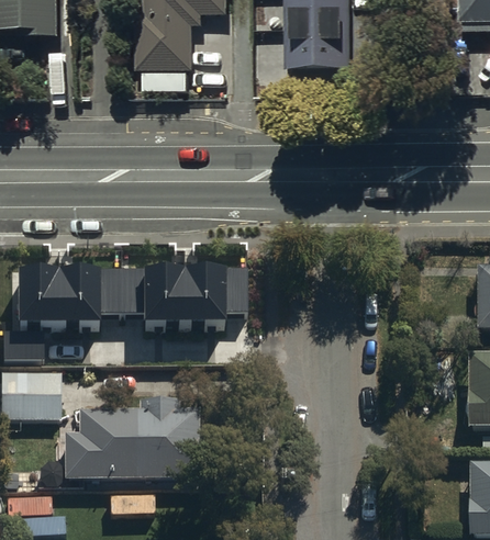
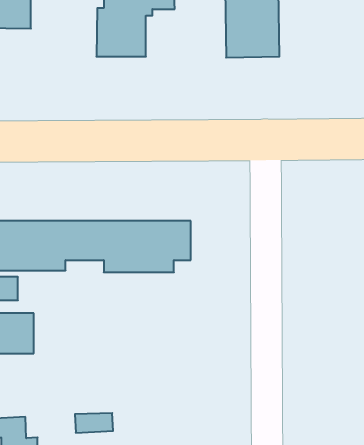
building: [65,390,200,469] -> none

